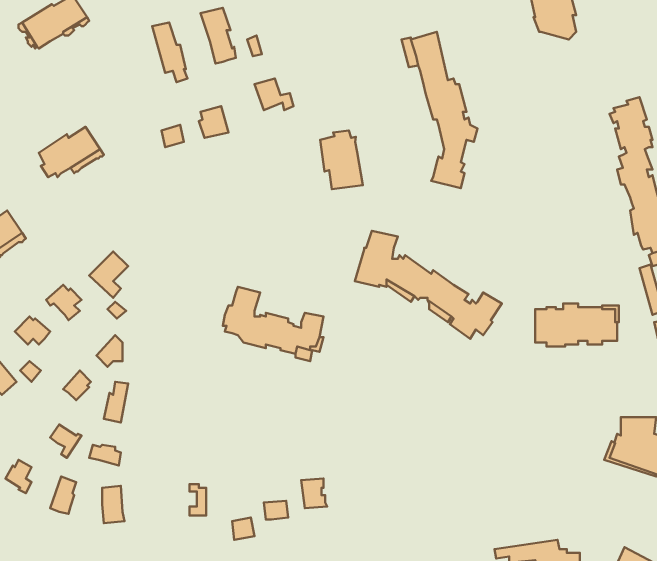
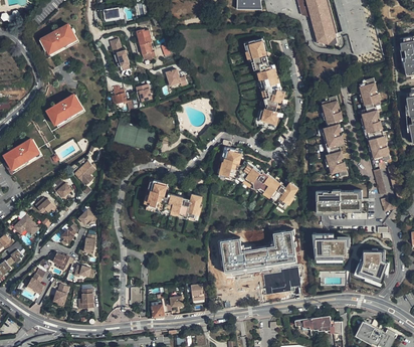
building: none -> [320,95,348,178]
building: [320,130,363,189] -> none
building: none -> [220,228,301,293]
building: none -> [316,233,347,258]

